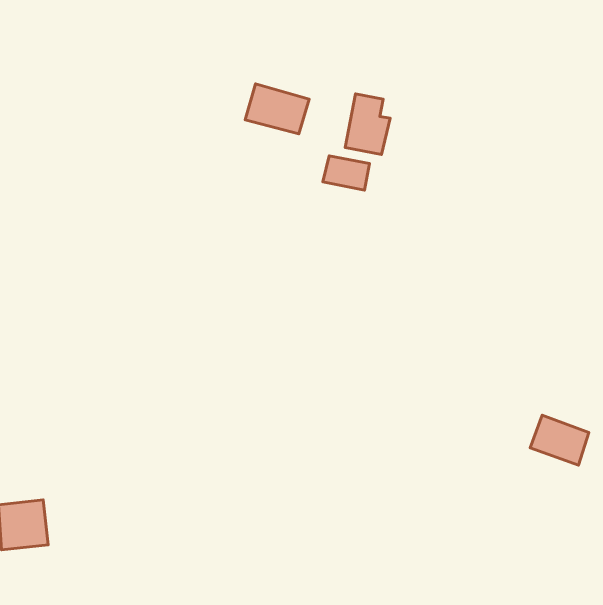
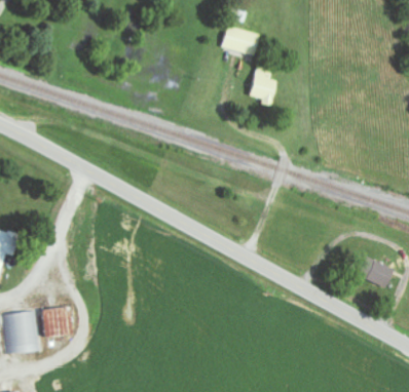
building: [245,84,309,134] -> [221,25,259,54]
building: [323,156,370,190] -> none

